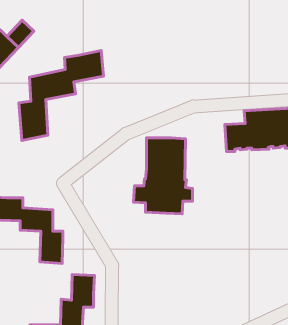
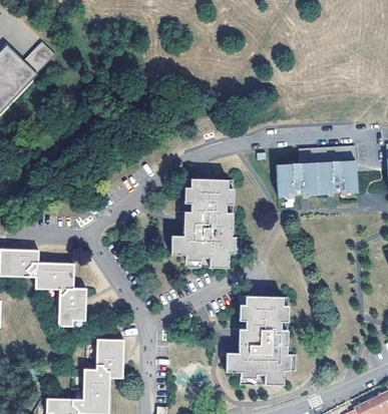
building: [19,51,104,140] -> none
building: none -> [226,296,295,385]

